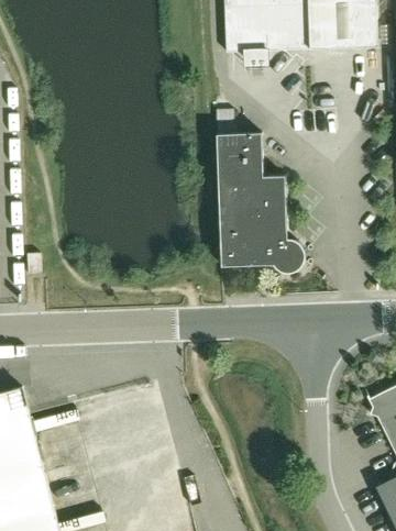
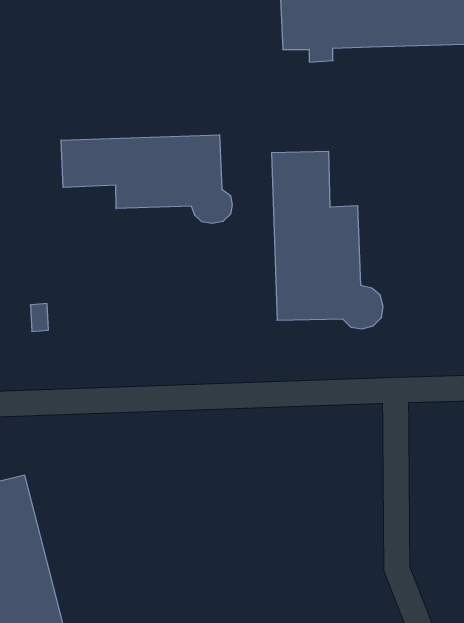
building: none -> [61,135,232,223]

